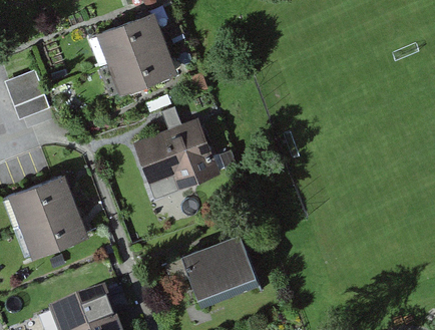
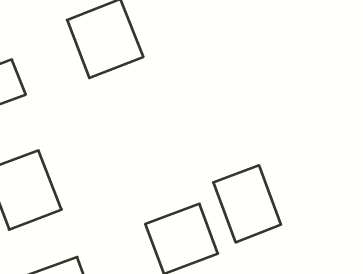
building: [133,118,220,199] -> none
building: none -> [213,165,281,242]

